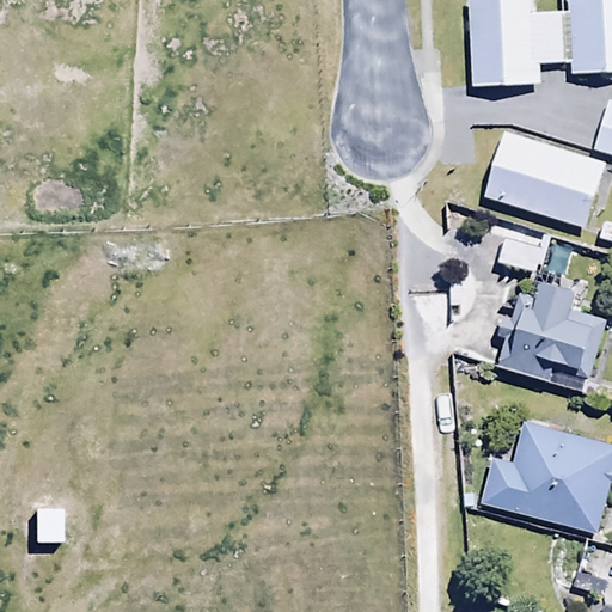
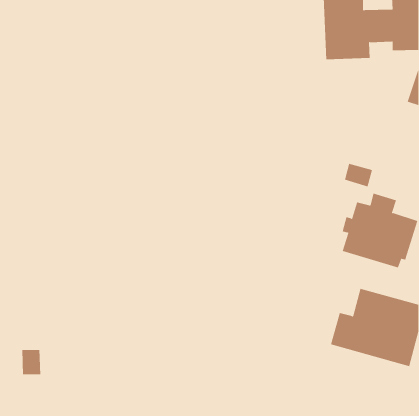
building: [485,130,605,228] -> none

